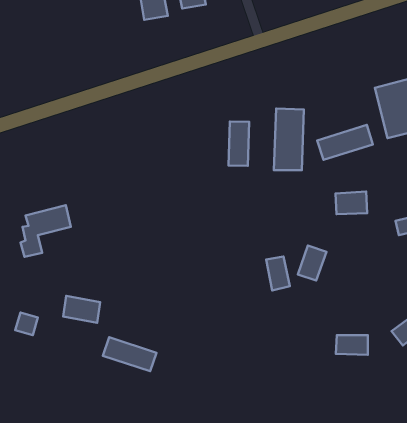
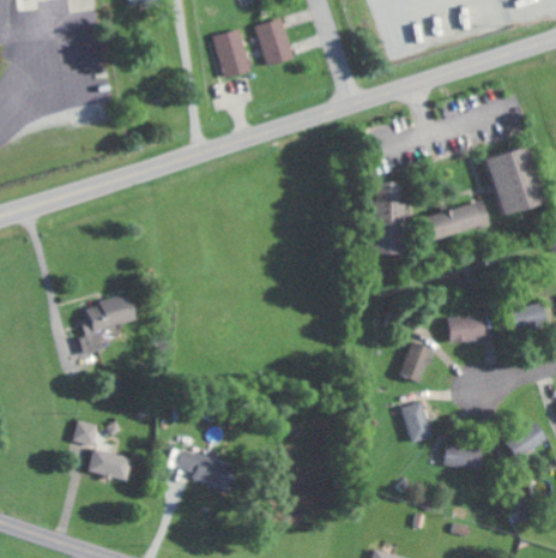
building: [228,121,249,166] -> none
building: [335,192,367,214] -> [448,314,485,341]
building: [266,256,290,290] -> [403,402,430,442]
building: [63,296,100,323] -> [87,449,131,480]

